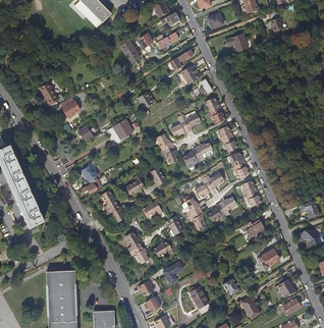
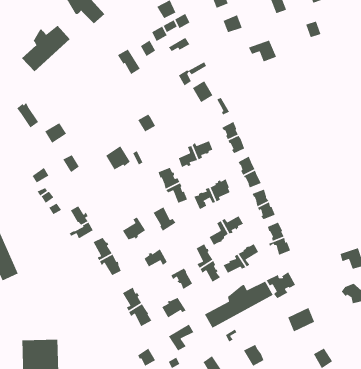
building: none -> [21,25,71,72]
building: none -> [204,281,274,329]

